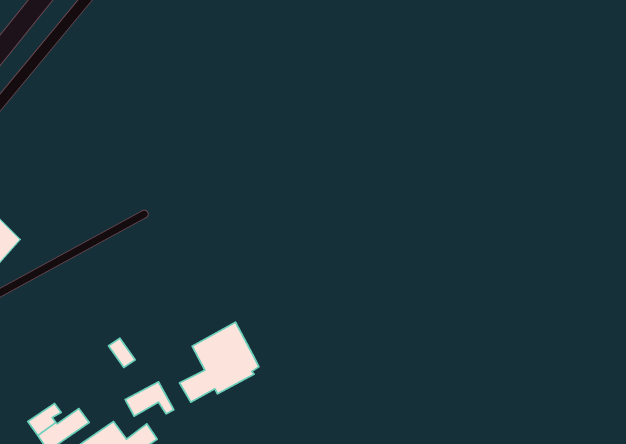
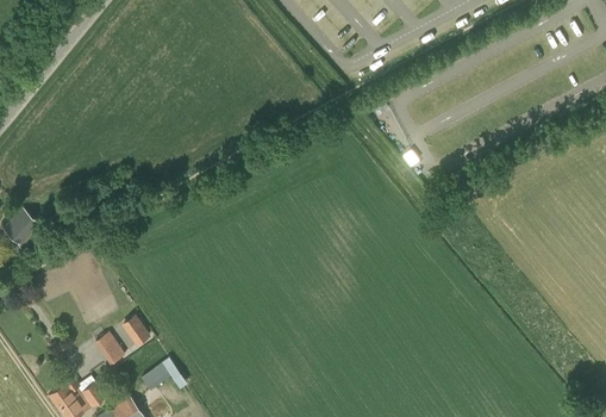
building: [180,322,259,402] -> none
building: none -> [94,331,125,365]

